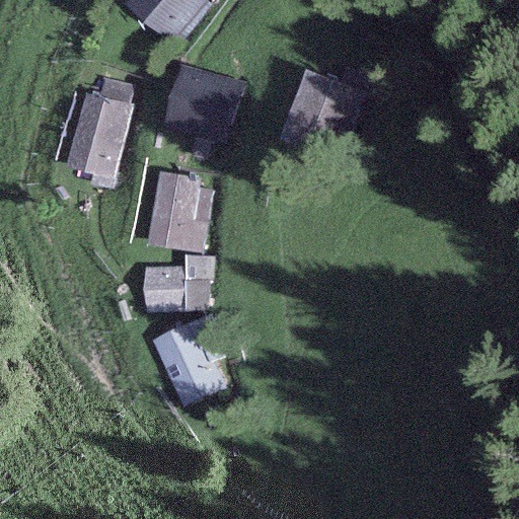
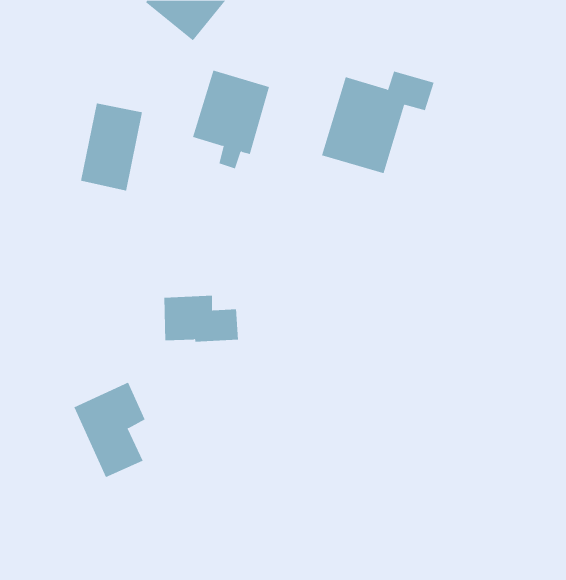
building: [149,171,208,249] -> none
building: [160,316,224,401] -> [74,382,146,478]

